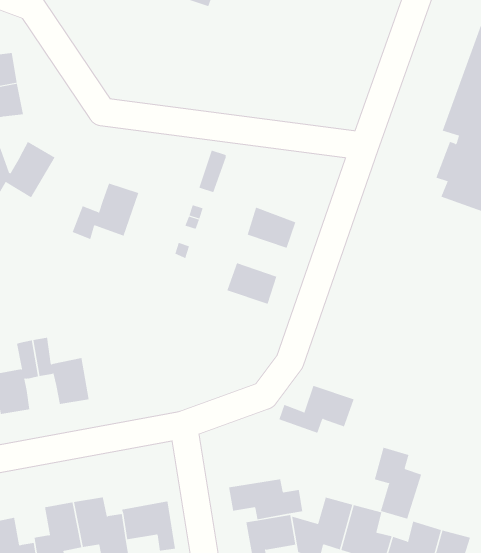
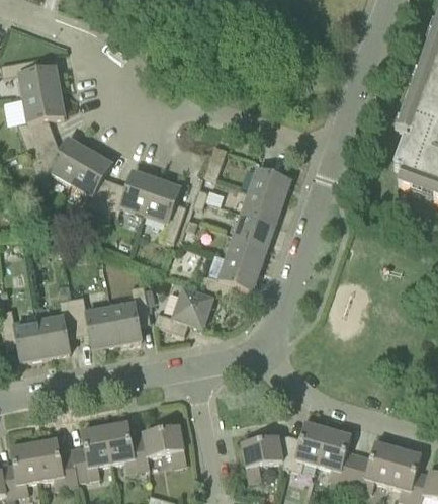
building: none -> [71,149,111,208]
building: none -> [250,167,290,200]
building: none -> [145,177,184,241]
building: none -> [235,211,275,244]
building: none -> [111,282,149,342]
building: none -> [154,286,212,333]
building: [279,385,355,433] -> [199,255,260,293]
building: [372,447,422,519] -> none
building: [228,479,303,520] -> none

